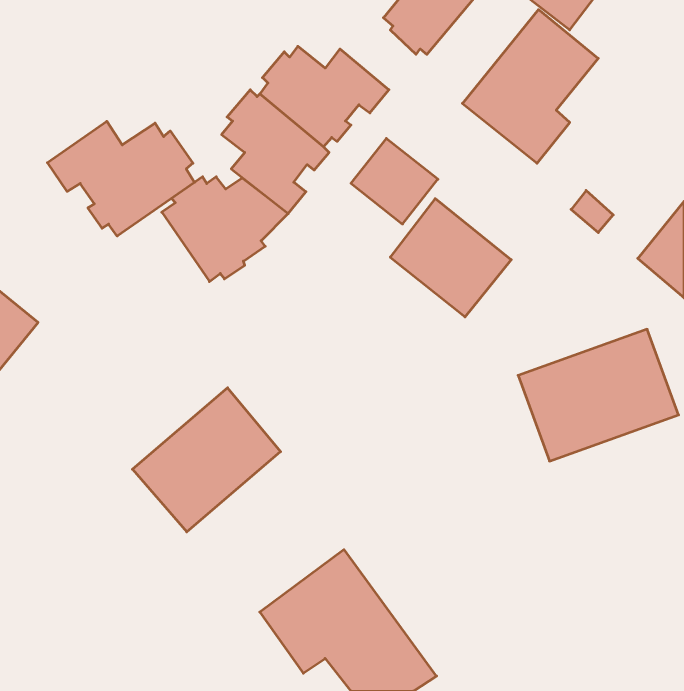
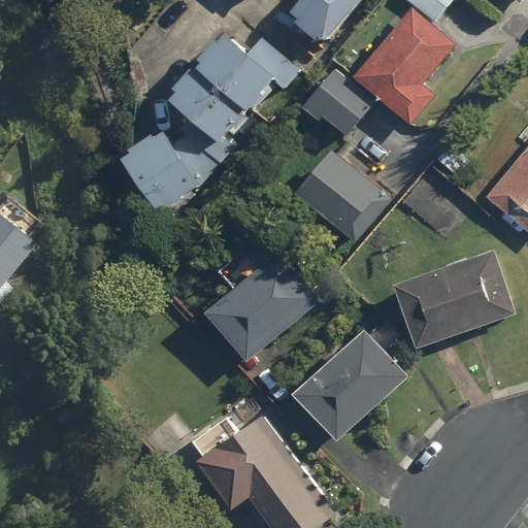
building: [47,121,195,236] -> none
building: [351,138,438,224] -> [304,69,370,134]
building: [132,388,281,532] -> [206,253,319,362]
building: none -> [293,329,408,442]

